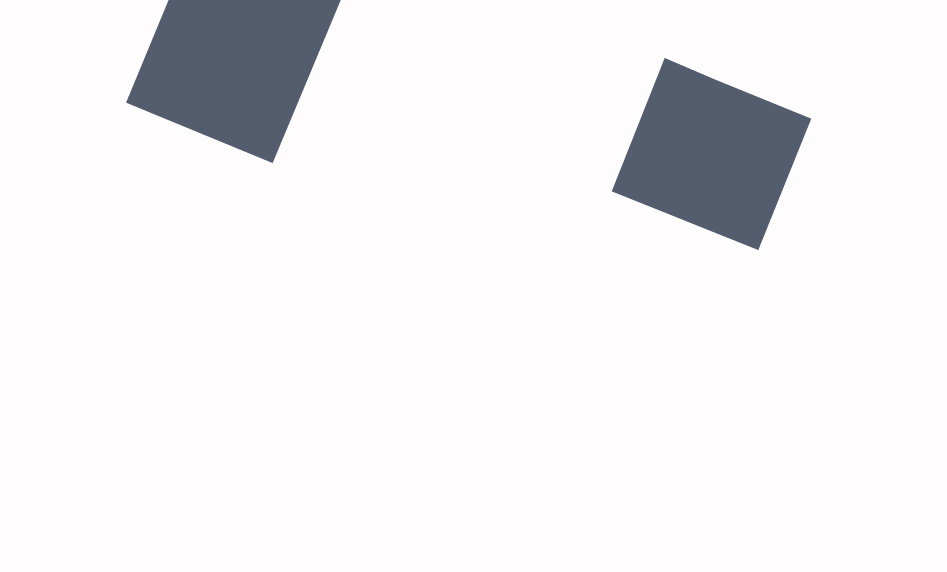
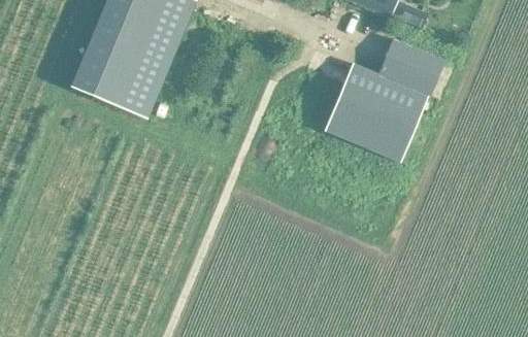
building: none -> [378,37,447,95]

